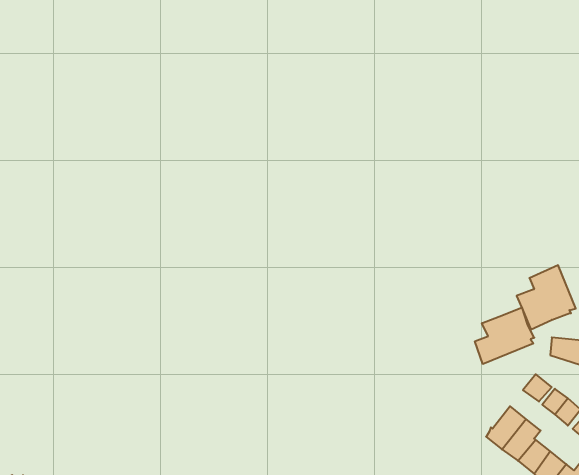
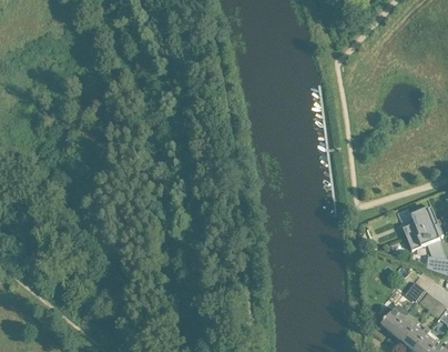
building: [475,307,534,364] -> none

